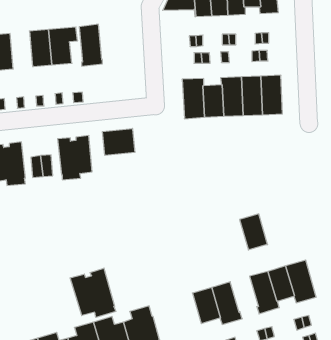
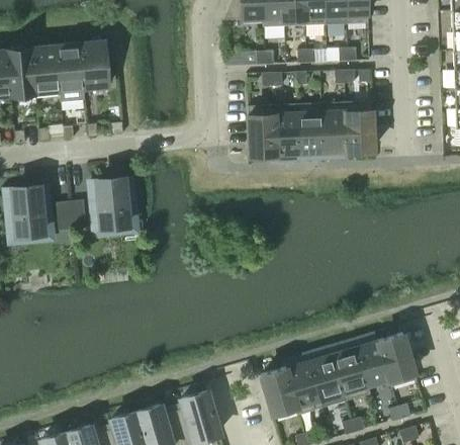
building: [79,24,102,66] -> [31,46,61,98]
building: [102,128,135,155] -> none
building: [240,214,268,250] -> [308,354,344,399]
building: [70,268,116,317] -> none

